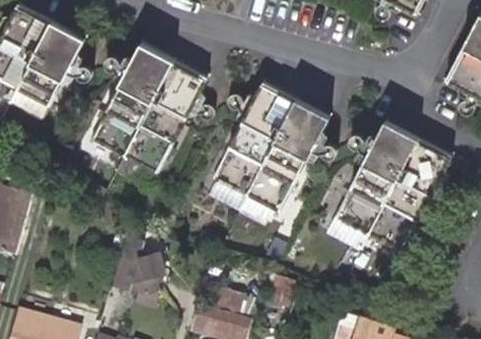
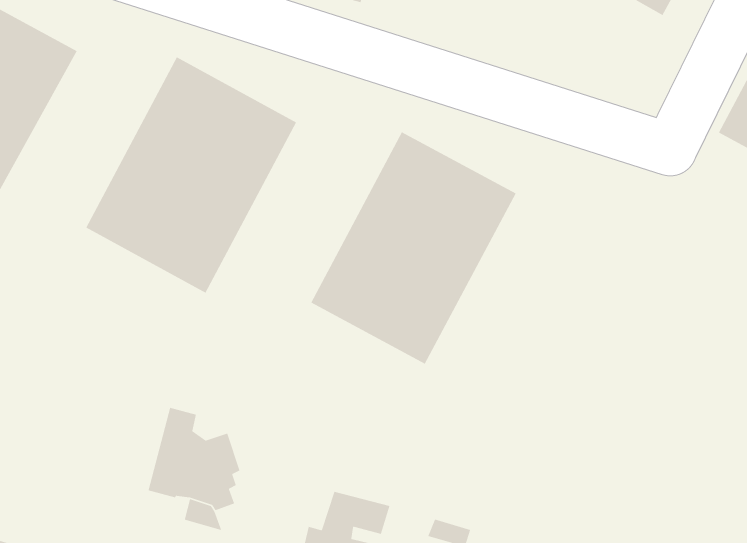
building: [329,122,446,252] -> none

